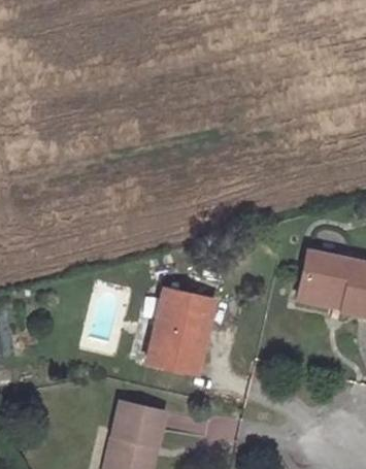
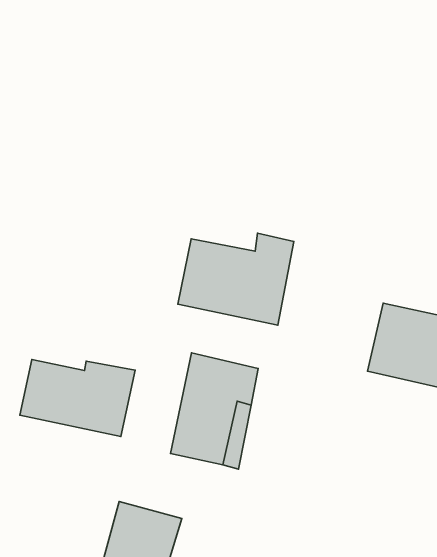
building: none -> [178,233,294,325]
building: none -> [20,359,135,437]

